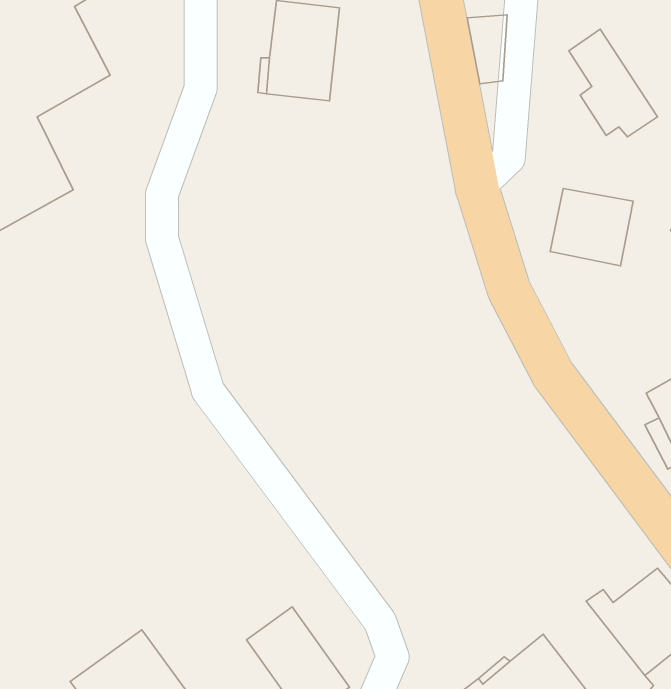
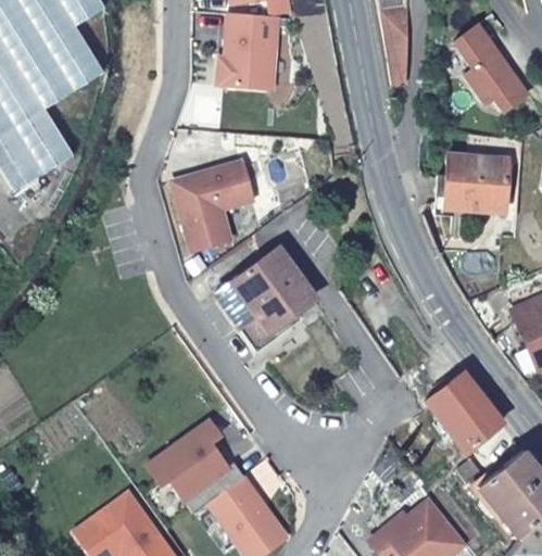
building: none -> [173,160,254,250]
building: none -> [228,255,310,337]
building: none -> [416,348,502,452]
building: none -> [148,419,243,511]

